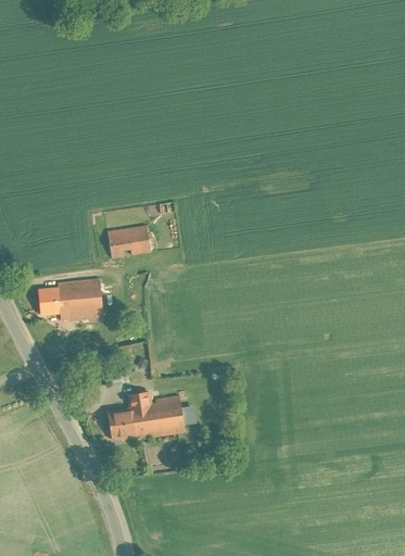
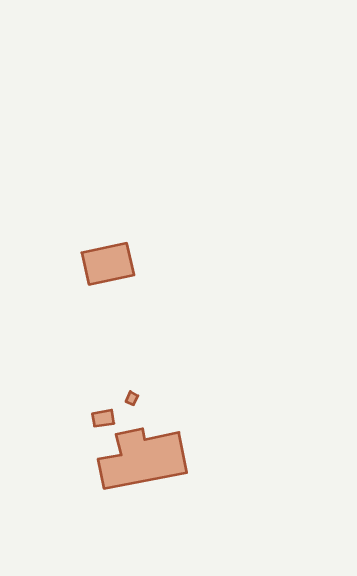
building: [38,278,102,320] -> none

